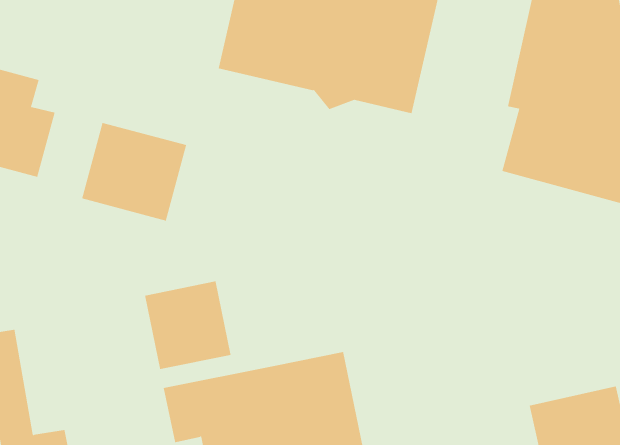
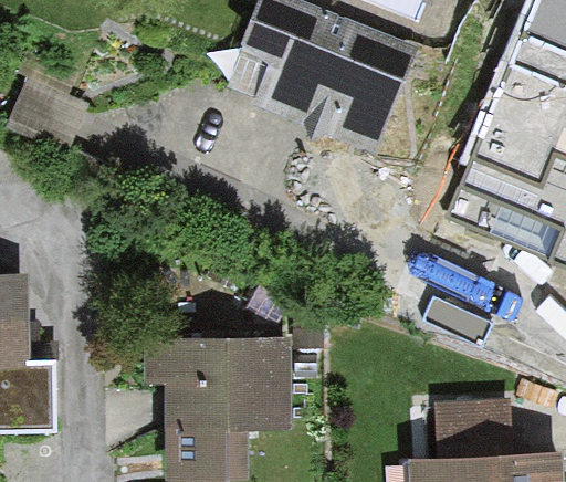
building: [82,122,187,221] -> none
building: [145,281,231,370] -> none

